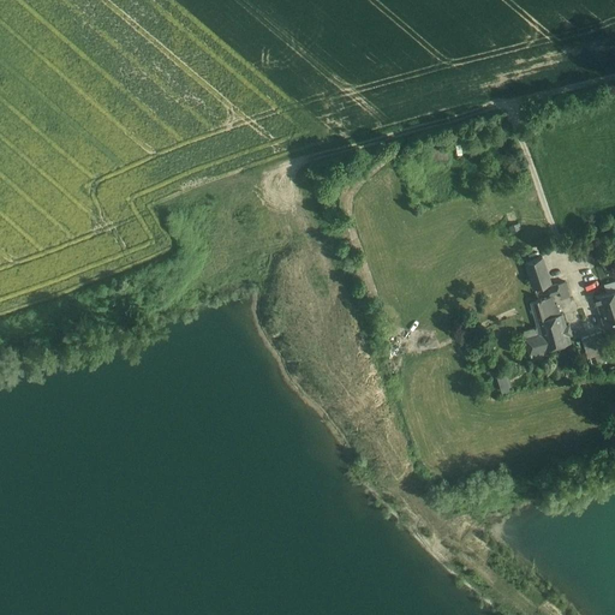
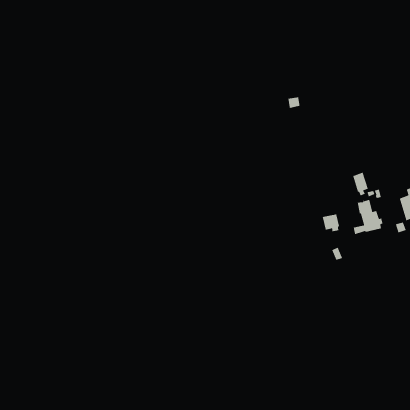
building: none -> [322,213,340,232]

